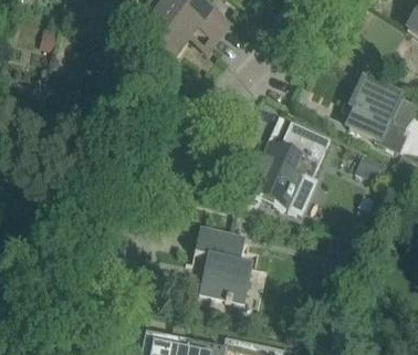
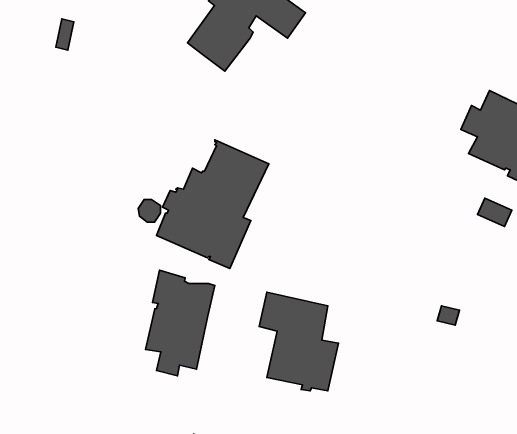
building: [248,118,331,213] -> [157,140,269,268]
building: none -> [146,270,215,376]

